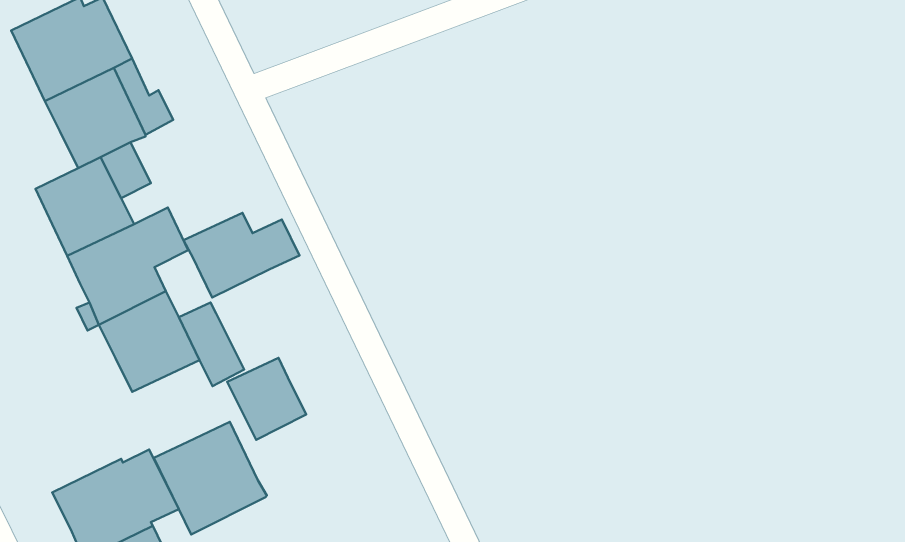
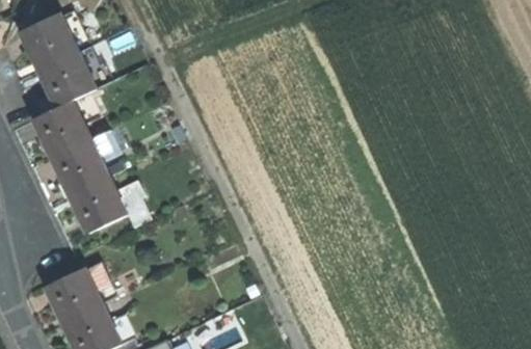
building: [183,213,299,297] -> none
building: [227,358,306,440] -> none
building: [154,422,267,534] -> none

